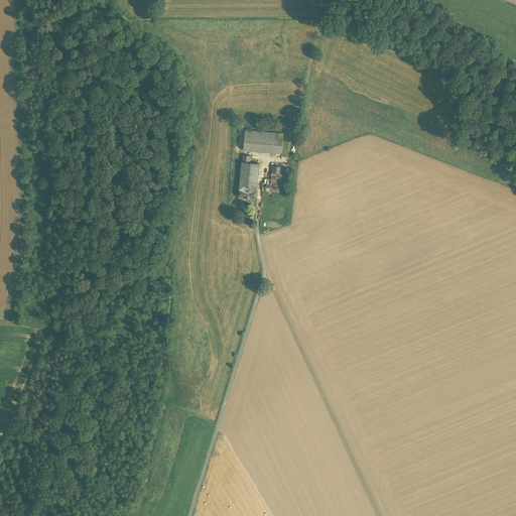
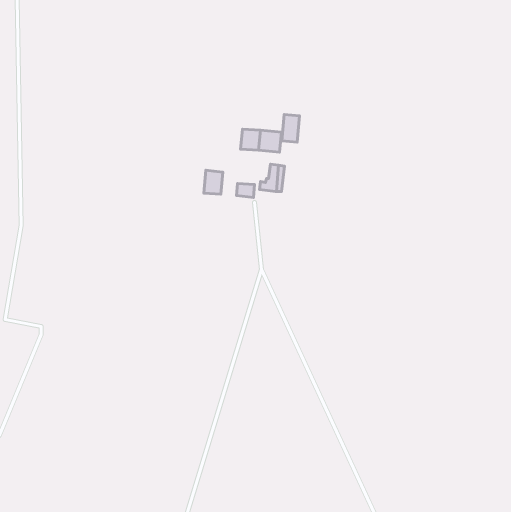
building: none -> [282,114,300,142]
building: [239,161,258,185] -> [204,170,223,194]

